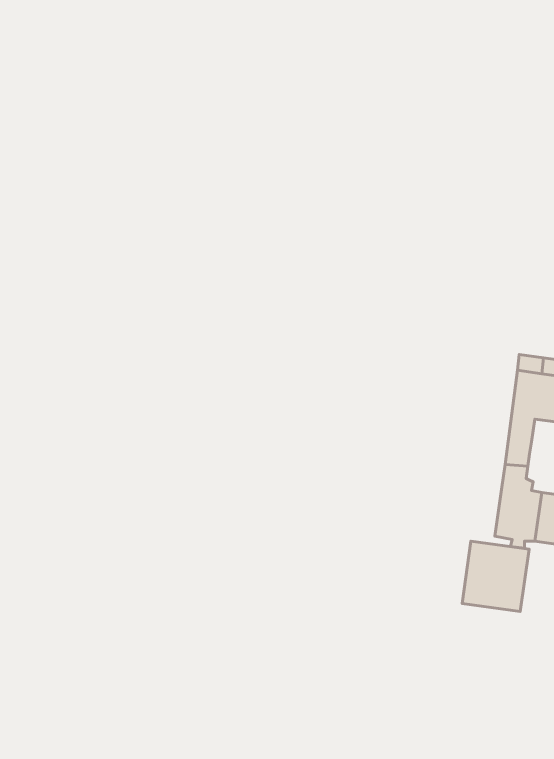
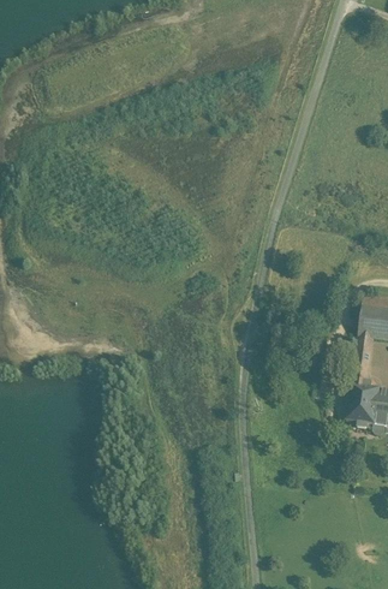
building: [462,541,529,611] -> none

